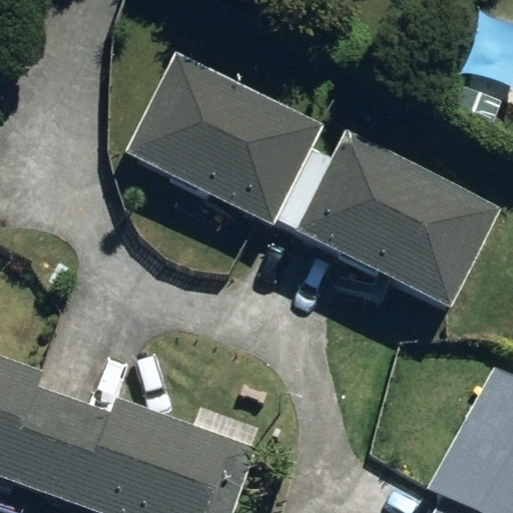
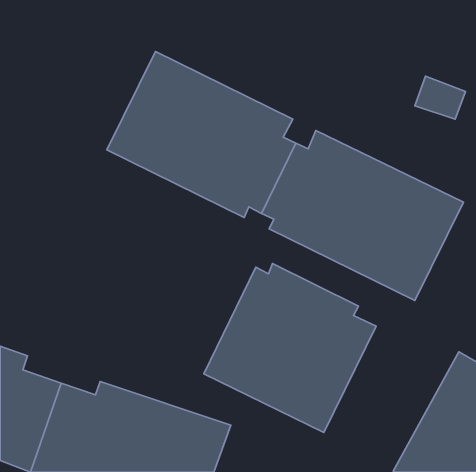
building: none -> [204,264,376,432]

